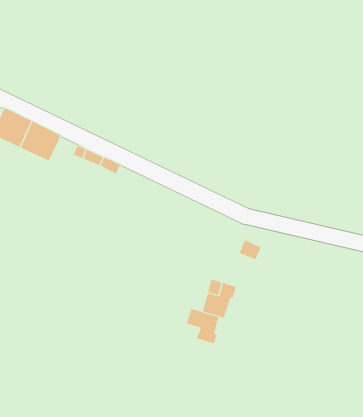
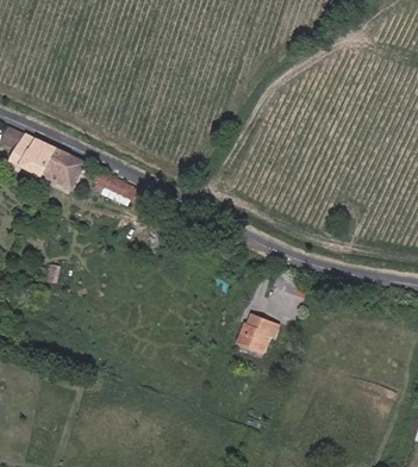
building: [186,308,219,344] -> none

